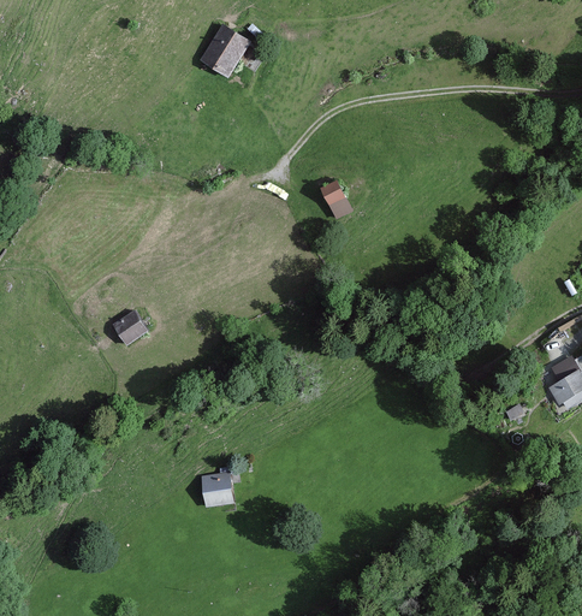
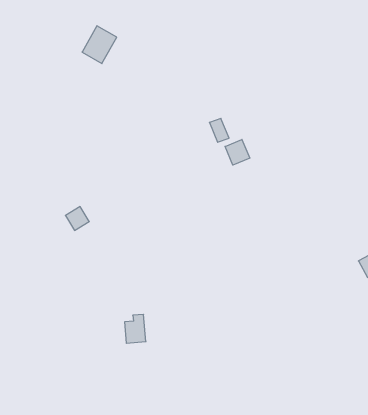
building: [200,22,250,77] -> [82,26,117,64]
building: none -> [225,139,250,165]

